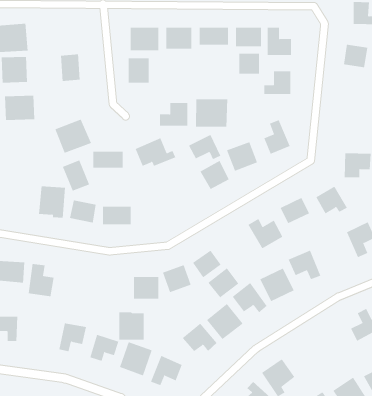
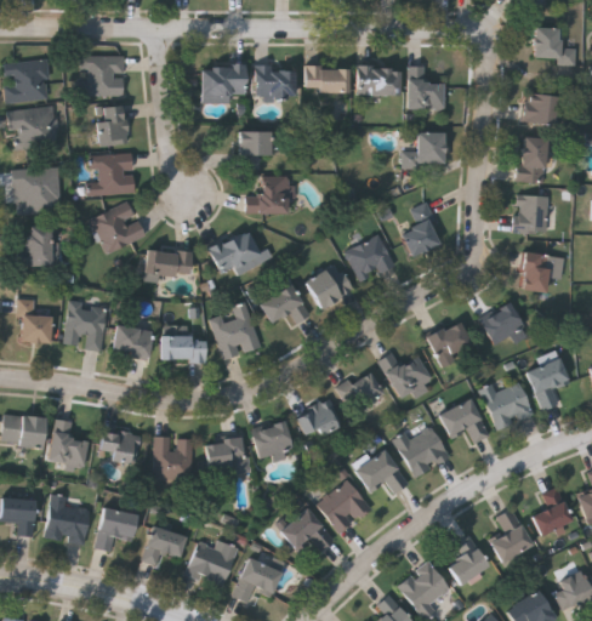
building: none -> [80,56,124,99]
building: [239,53,260,74] -> none
building: [128,58,150,83] -> [240,131,273,169]
building: none -> [518,136,548,183]
building: none -> [90,154,135,195]
building: [196,99,228,128] -> none
building: none -> [514,195,548,234]
building: [188,134,221,160] -> [260,285,309,324]
building: none -> [24,226,59,267]
building: [62,160,90,192] -> none
building: none -> [21,301,51,343]
building: none -> [210,307,261,360]
building: none -> [482,376,534,431]
building: [208,267,239,298] -> [337,369,385,415]
building: none -> [101,432,140,463]
building: [118,312,144,340] -> [154,438,193,480]
building: none -> [47,495,89,543]
building: none -> [490,509,533,563]
building: none -> [449,537,489,583]

